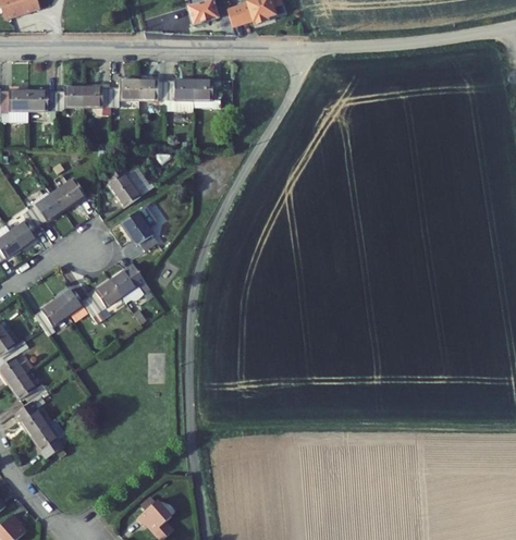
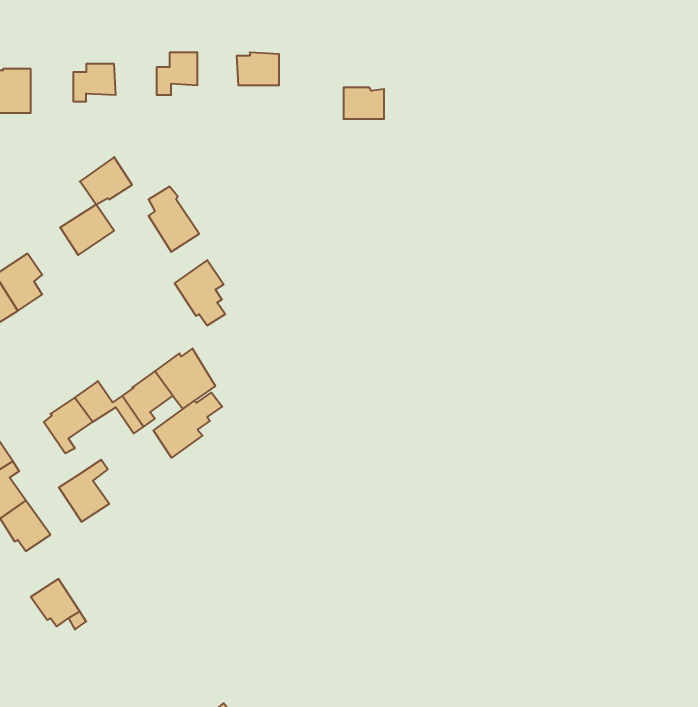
building: [139,73,167,95] -> none
building: [194,74,221,95] -> [343,88,384,119]
building: [84,81,112,101] -> none
building: [28,84,57,106] -> none
building: [25,189,60,221] -> [80,157,132,205]
building: none -> [153,393,222,458]
building: [13,394,47,435] -> [59,460,109,522]

